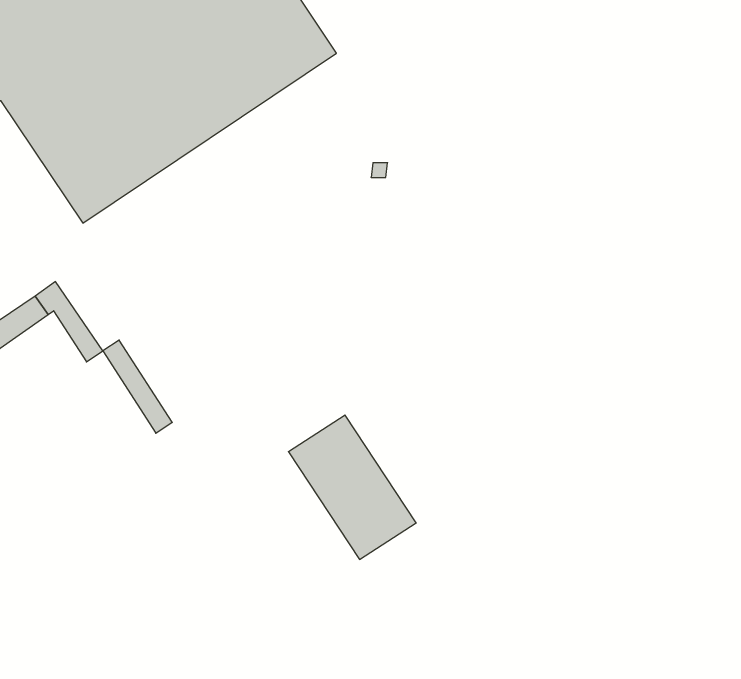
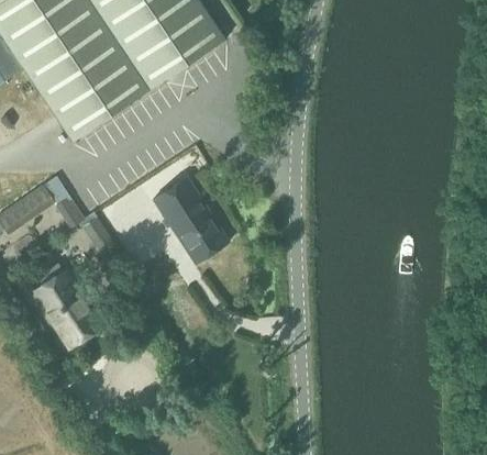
building: [288,415,416,559] -> [152,177,229,264]
building: none -> [33,271,99,346]

